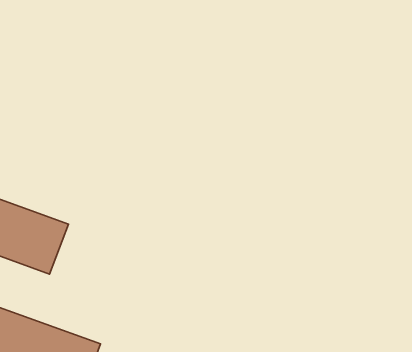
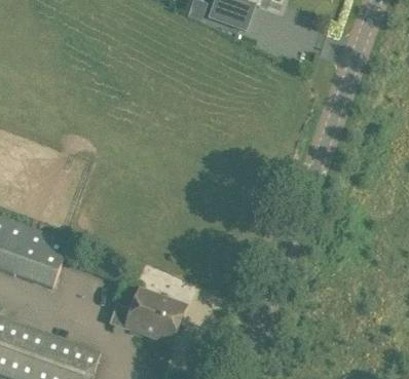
building: none -> [110,288,185,343]

